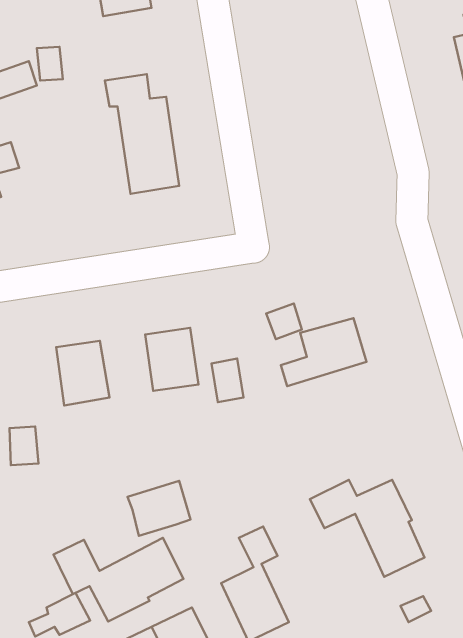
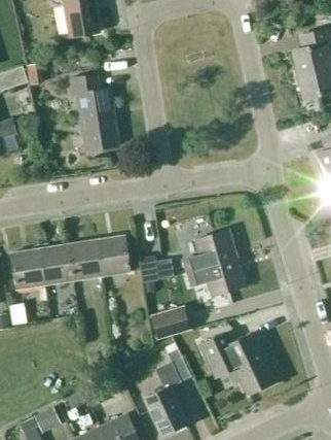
building: none -> [67,240,101,280]
building: none -> [10,248,44,290]
building: none -> [186,258,245,297]
building: [128,481,191,536] -> [147,307,187,342]
building: [54,538,183,621] -> none

